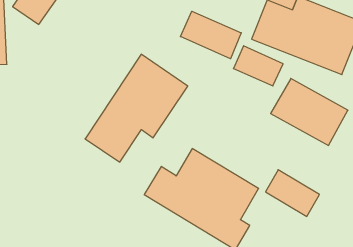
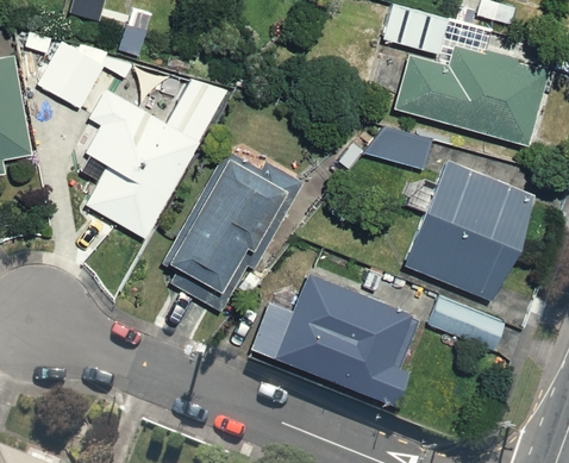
building: none -> [81,71,229,239]
building: [180,11,241,59] -> none
building: none -> [402,212,513,301]

